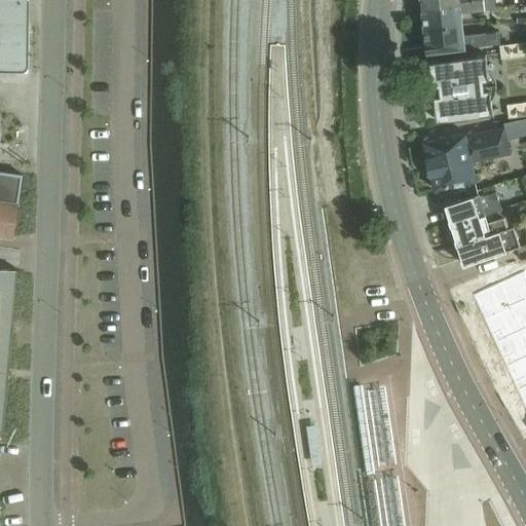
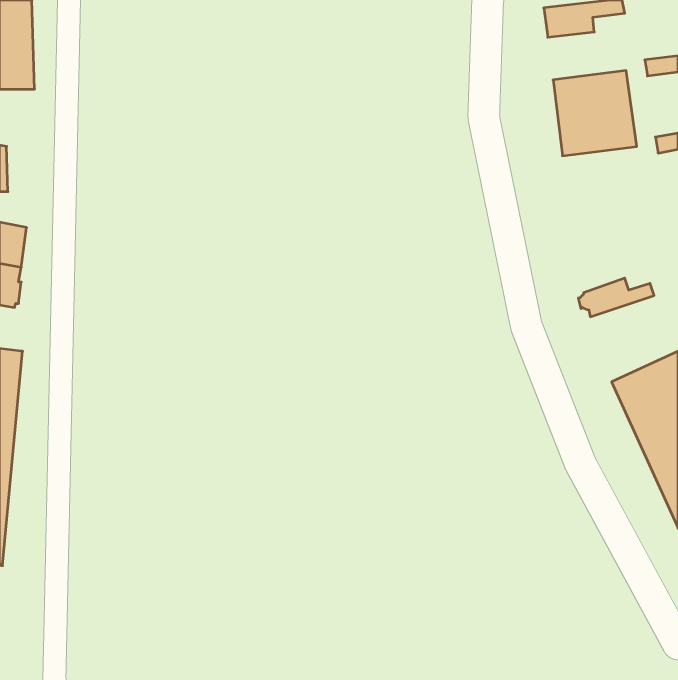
building: [423,25,498,51] -> none
building: [422,125,509,190] -> none
building: [445,190,499,226] -> none
building: [456,226,519,265] -> none

